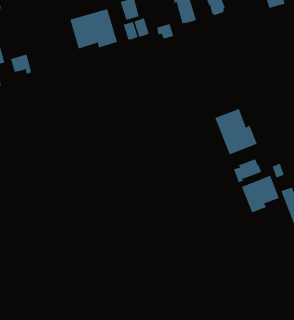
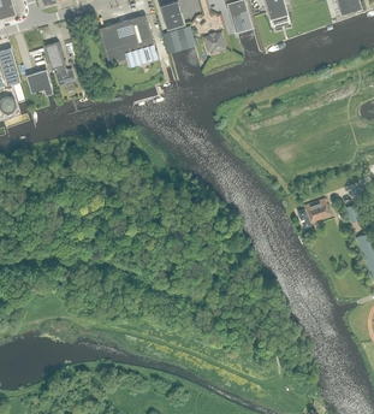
building: none -> [43,41,73,84]
building: [215,108,257,155] -> none
building: [241,175,279,213] -> none

